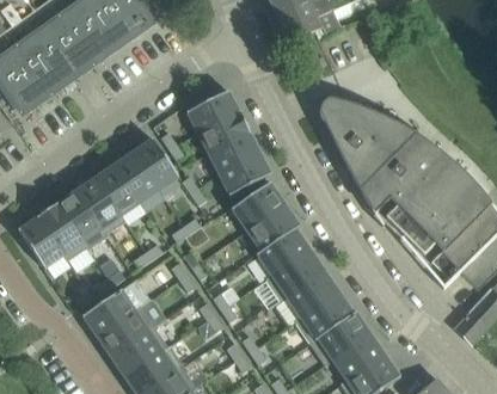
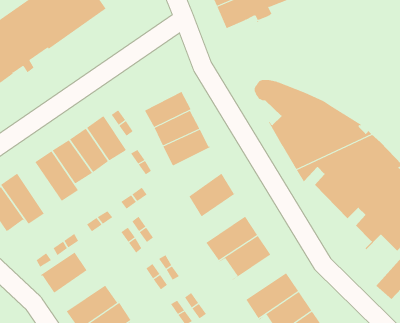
building: [185,90,239,133] -> none
building: [231,181,283,228] -> none
building: [56,190,106,248] -> none
building: [256,224,309,279] -> none
building: [295,293,356,343] -> none
building: [97,306,154,356] -> none

